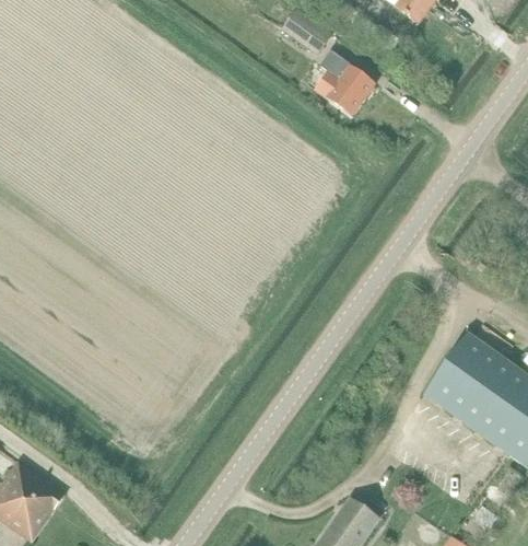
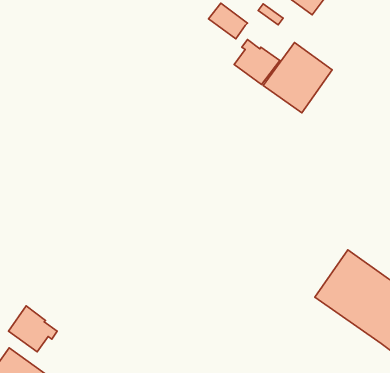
building: none -> [263,42,332,113]
building: none -> [9,306,57,352]

